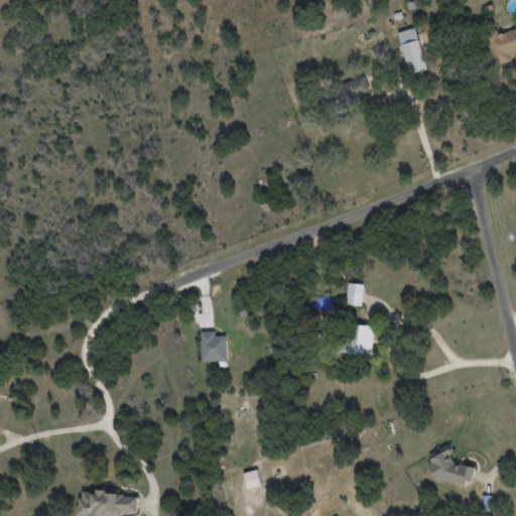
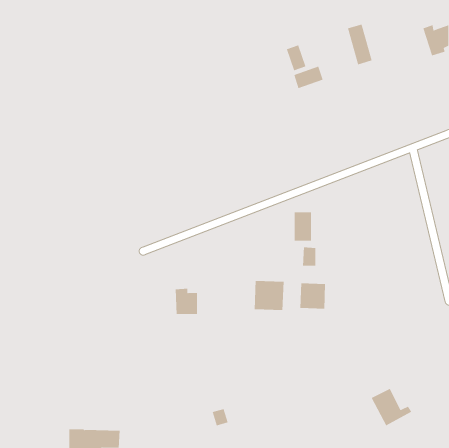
building: none -> [286,44,306,71]
building: none -> [294,211,311,242]
building: none -> [254,280,284,311]

